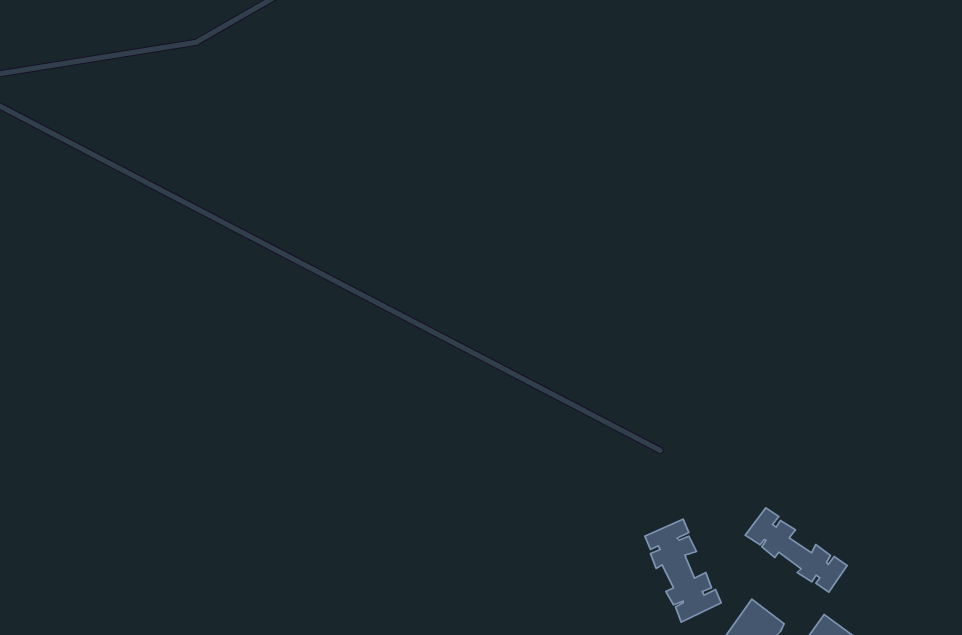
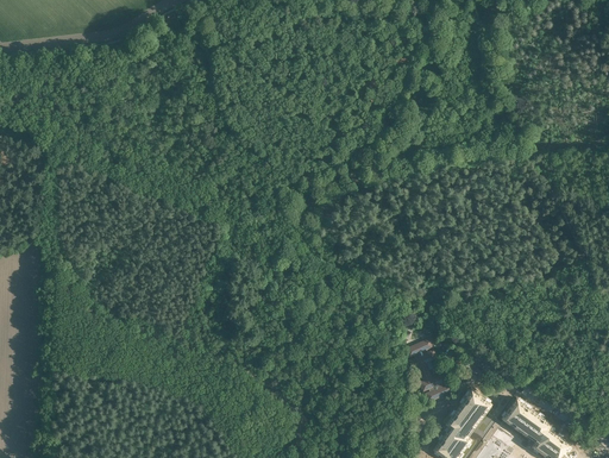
building: [745,508,847,592] -> none

